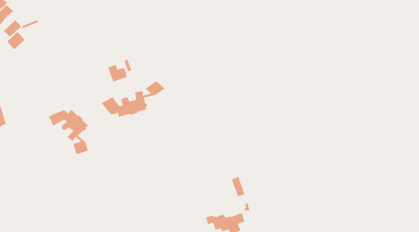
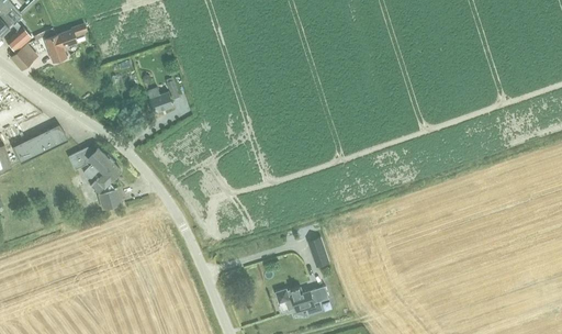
building: none -> [45,24,87,62]
building: [100,80,166,118] -> none
building: none -> [12,124,68,165]

